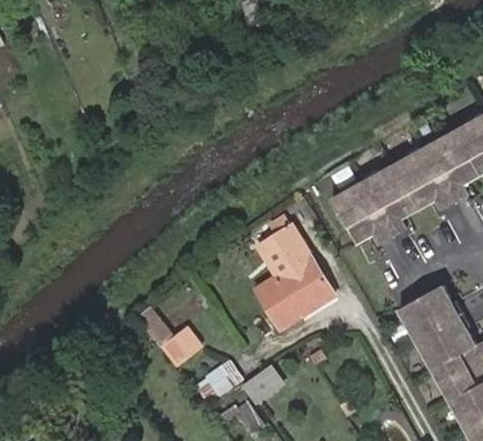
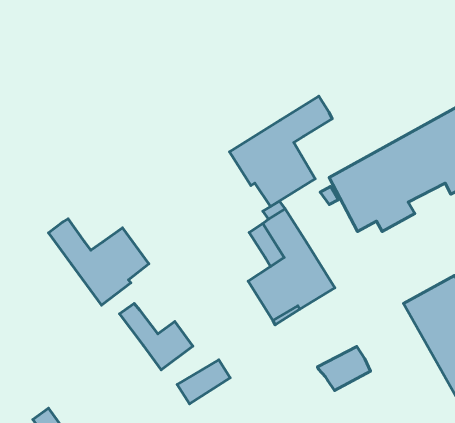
building: none -> [229,96,332,207]
building: none -> [48,219,149,305]
building: [240,366,288,406] -> [317,347,370,390]

